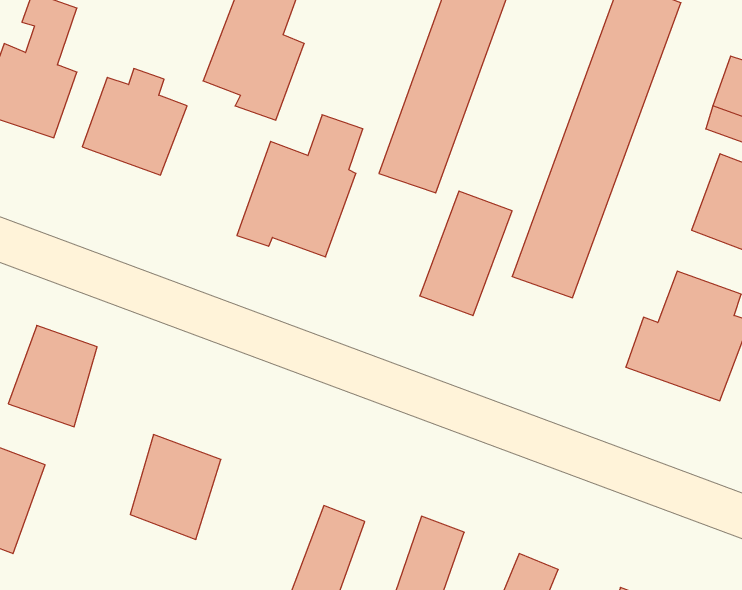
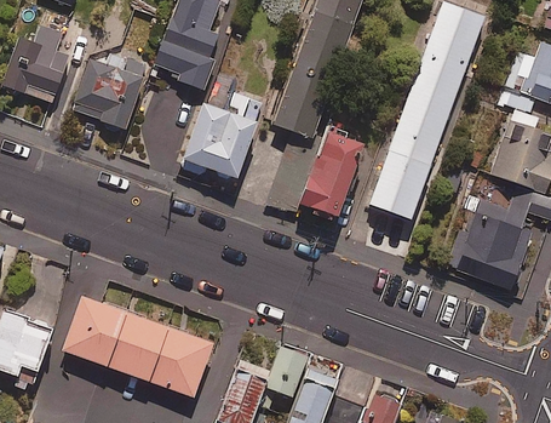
building: [8,325,97,427] -> [63,296,124,365]
building: none -> [153,327,212,396]
building: none -> [266,343,306,395]

